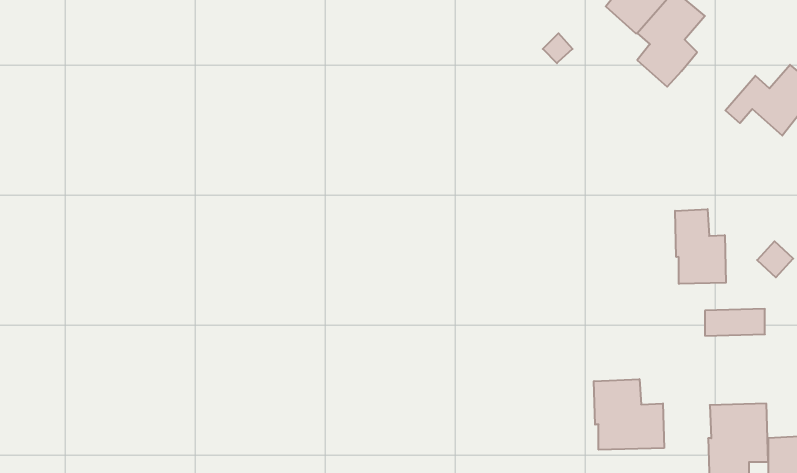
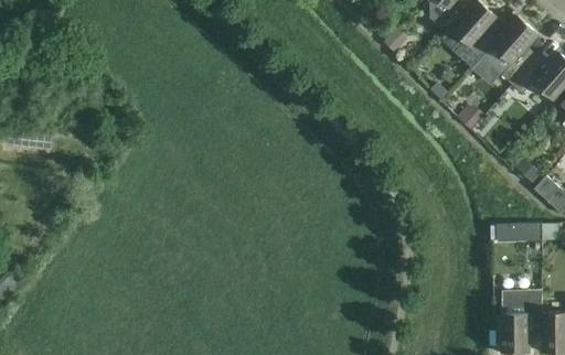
building: none -> [481,15,539,84]
building: [675,209,726,284] -> none
building: [594,379,664,450] -> none

